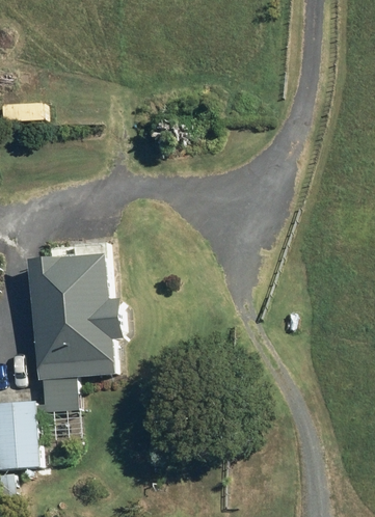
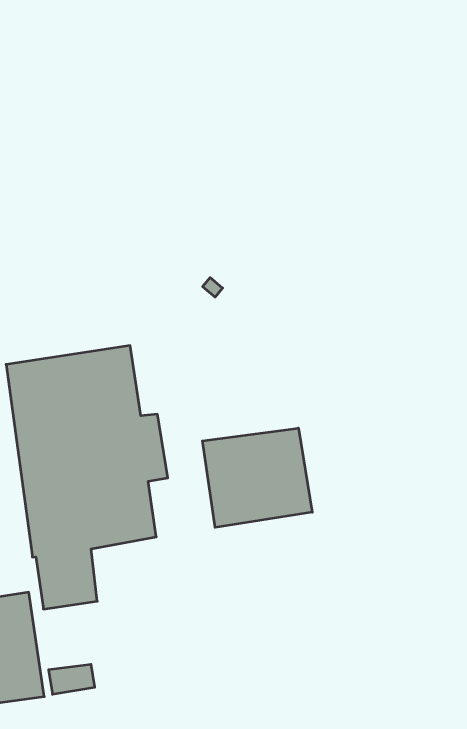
building: none -> [202,428,312,527]

